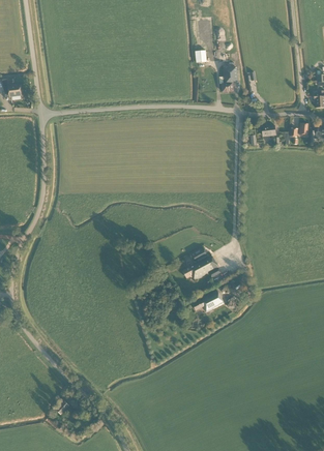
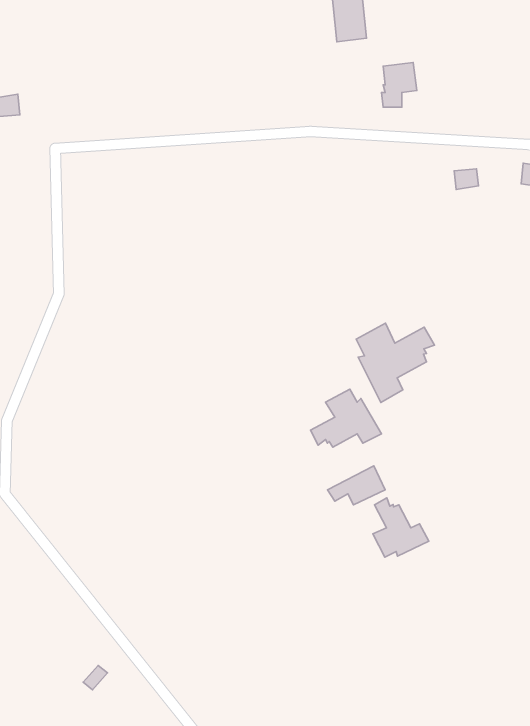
building: none -> [356,323,435,403]
building: none -> [373,498,429,557]

